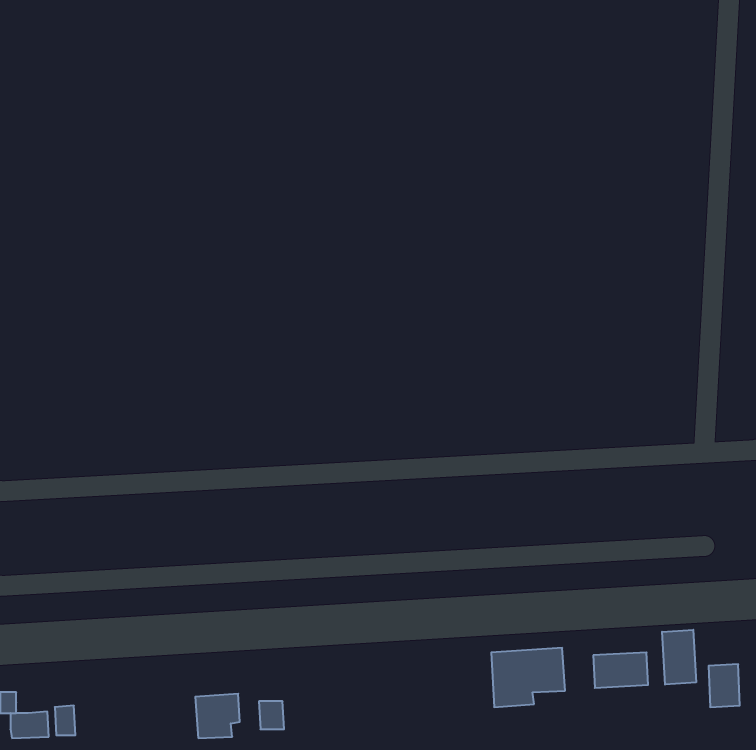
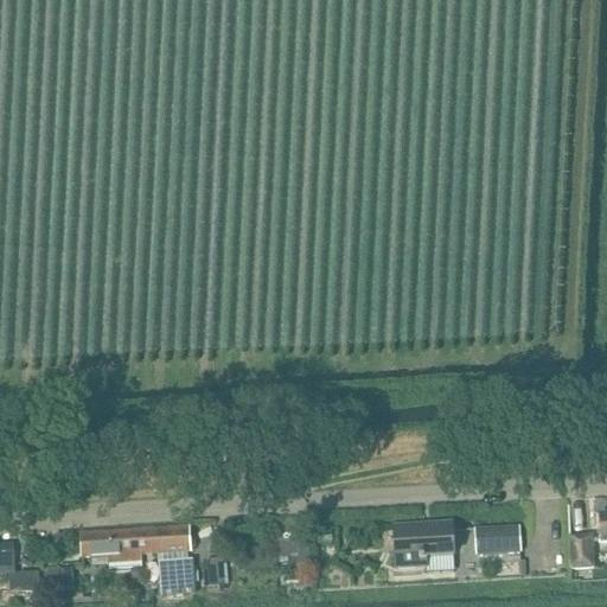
building: [662,630,696,685] -> none
building: none -> [81,524,193,566]

